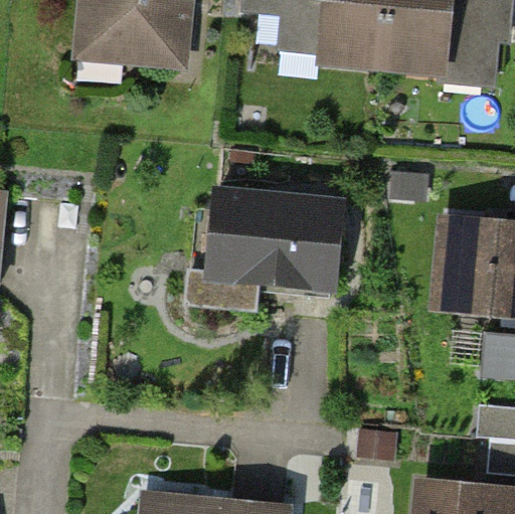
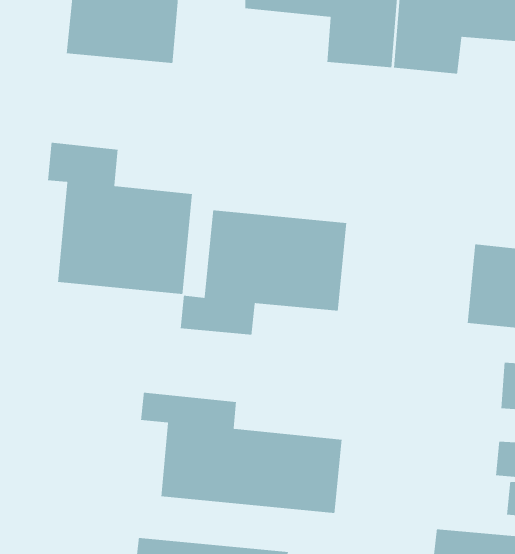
building: none -> [47,142,193,295]
building: none -> [140,392,342,514]

